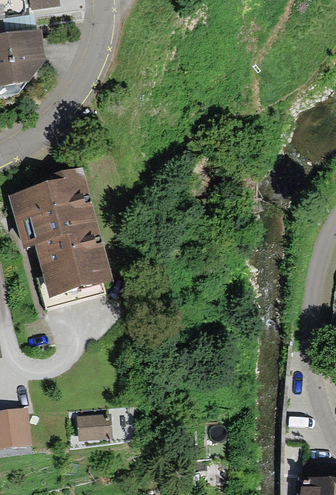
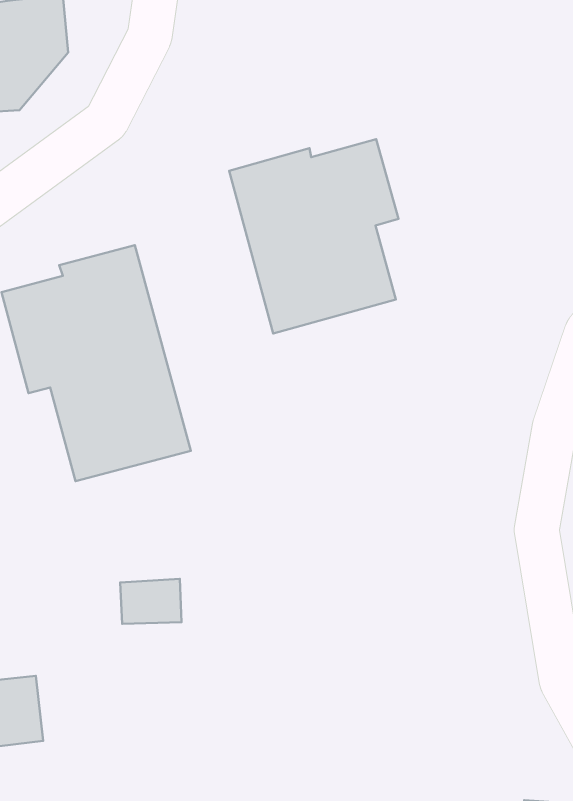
building: none -> [229,139,398,333]
building: [77,413,111,438] -> [120,579,181,624]

